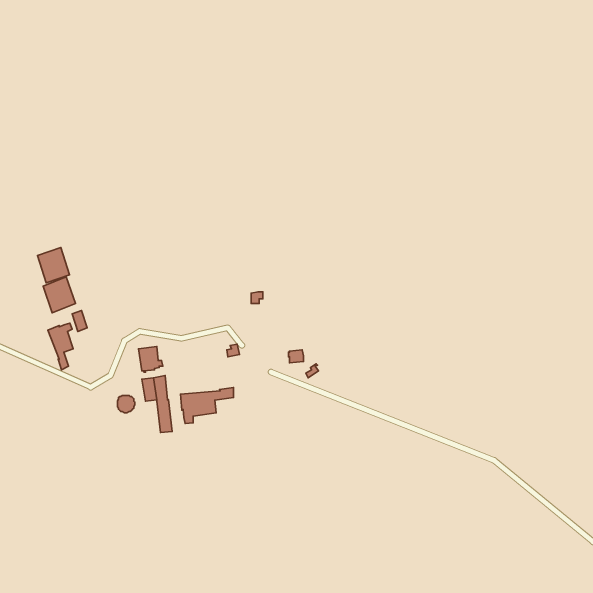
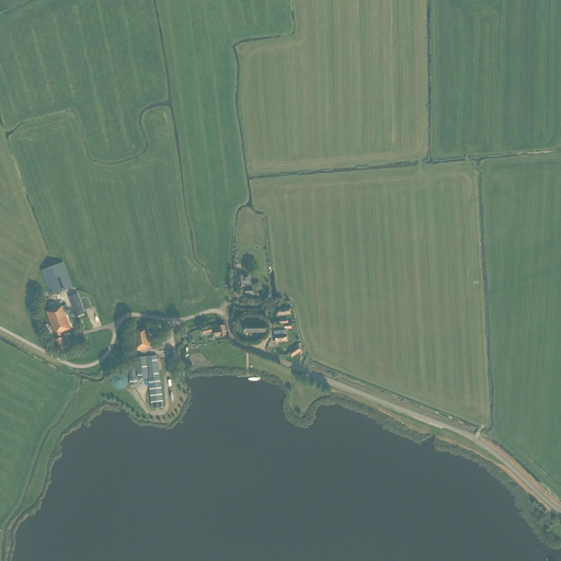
building: [38,247,69,283] -> none
building: [180,387,234,423] -> none

